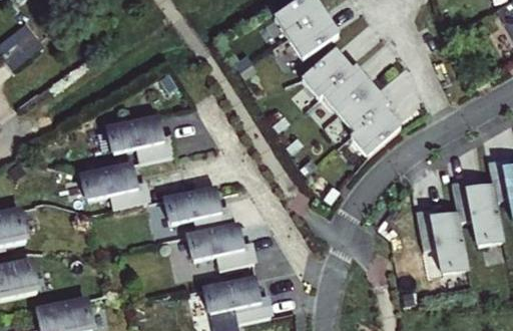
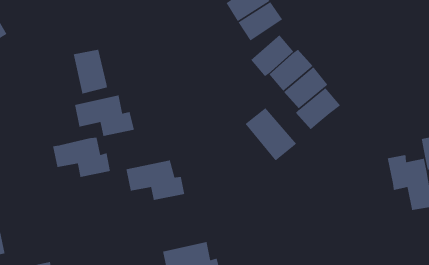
building: none -> [73,49,108,94]
building: none -> [244,107,297,162]
building: [417,209,468,271] -> none
building: [189,223,254,268] -> none

